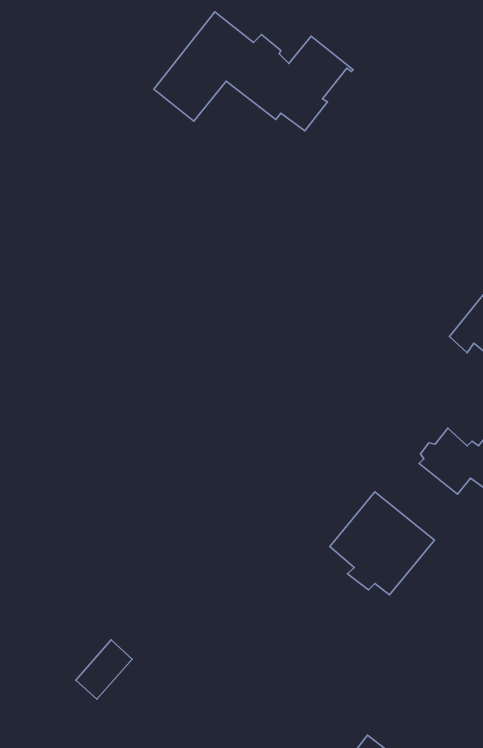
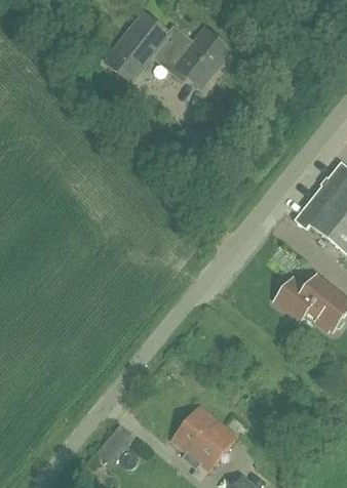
building: [330,492,434,595] -> [170,404,237,470]
building: [76,640,132,699] -> [95,424,131,462]

